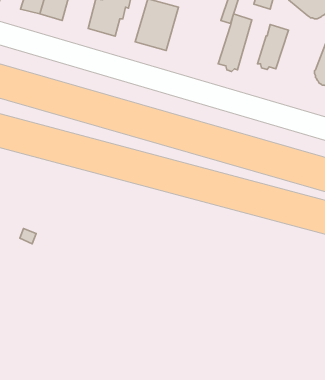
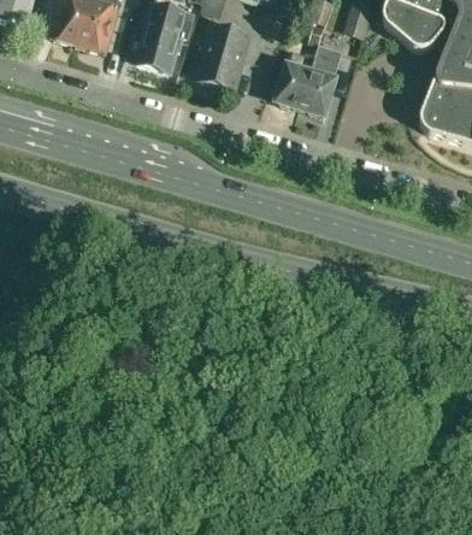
building: [258,24,288,70] -> [277,49,315,106]

